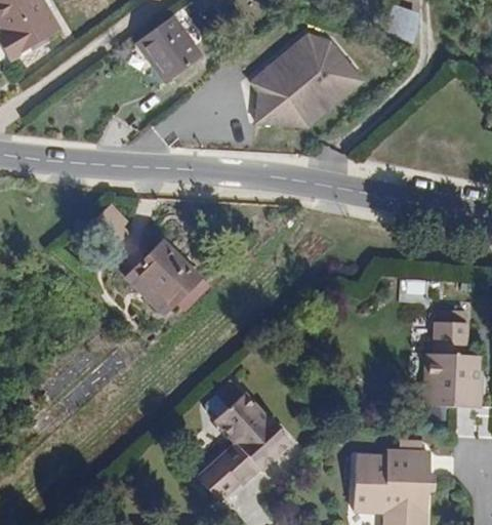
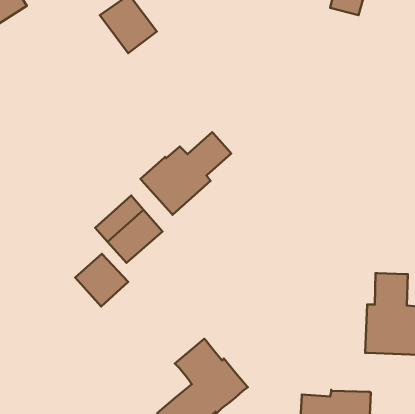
building: [246,32,363,129] -> none
building: none -> [140,132,231,215]
building: none -> [75,254,128,307]

